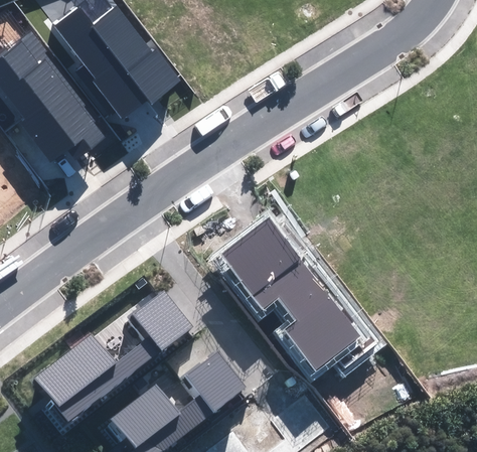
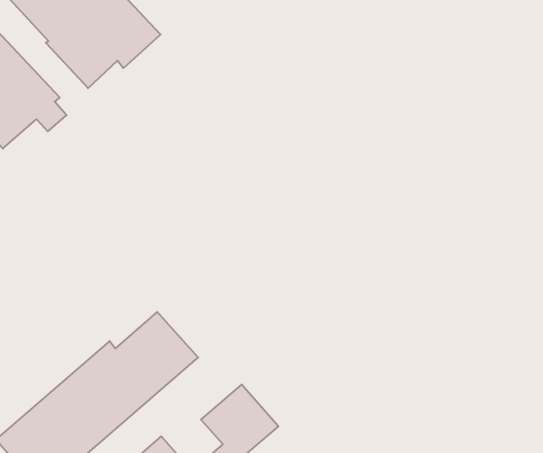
building: [223,218,360,369] -> none

